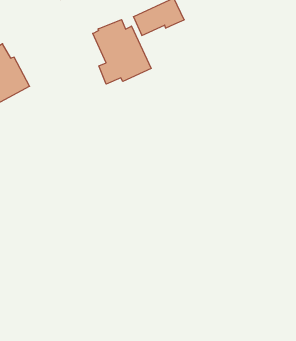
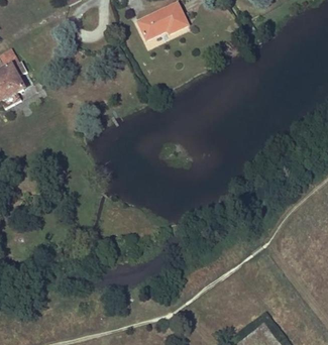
building: [93,20,151,84] -> none

